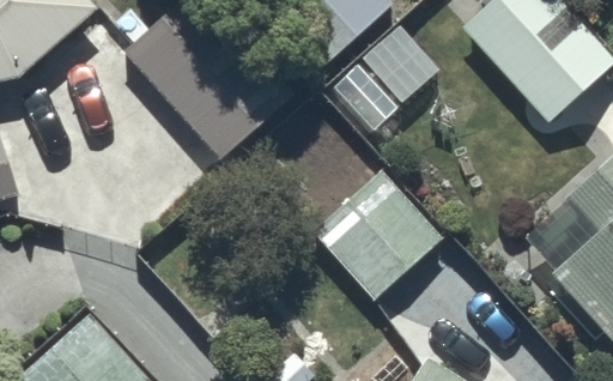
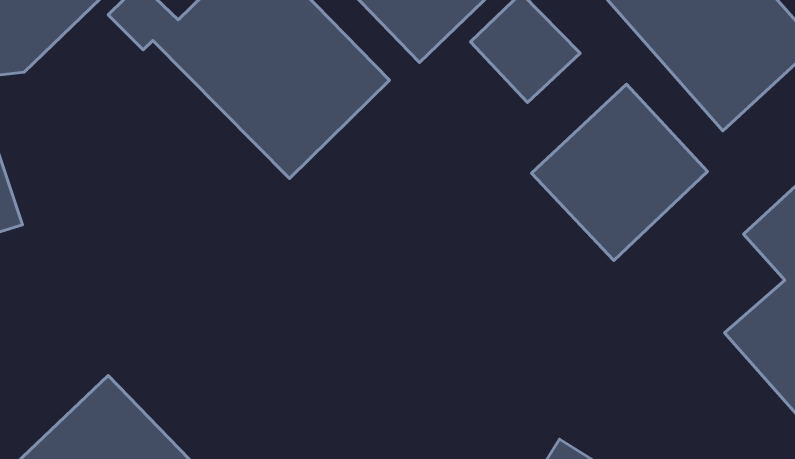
building: [311,167,444,300] -> [531,84,708,260]

